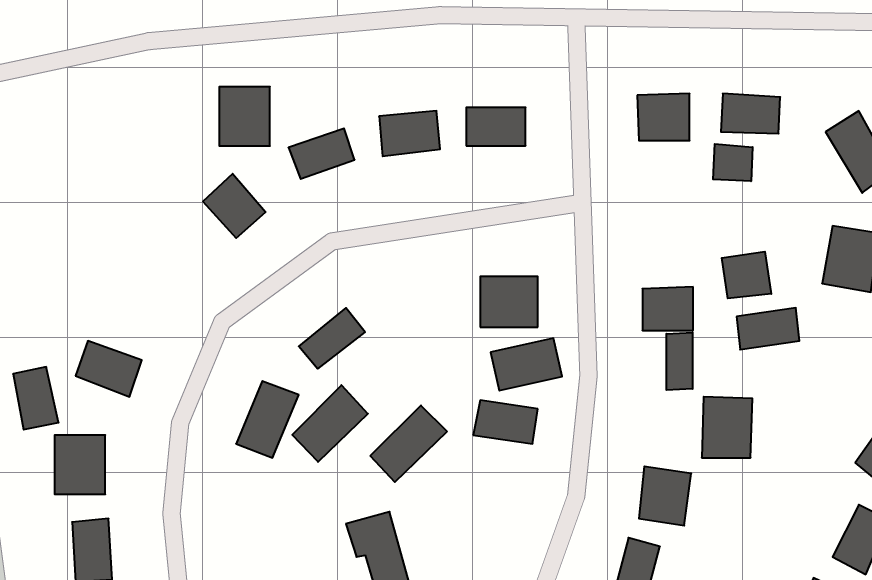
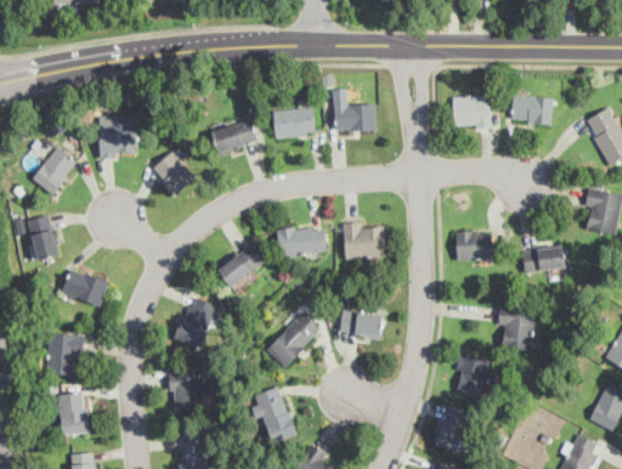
building: [219,87,270,146] -> [100,117,135,158]
building: [713,144,753,181] -> none
building: none -> [32,147,78,194]
building: [722,252,771,298] -> none
building: [666,332,693,390] -> none
building: [491,338,562,391] -> [277,224,327,260]
building: [13,367,59,430] -> [27,216,58,260]
building: [292,385,368,462] -> none
building: none -> [171,375,203,416]

